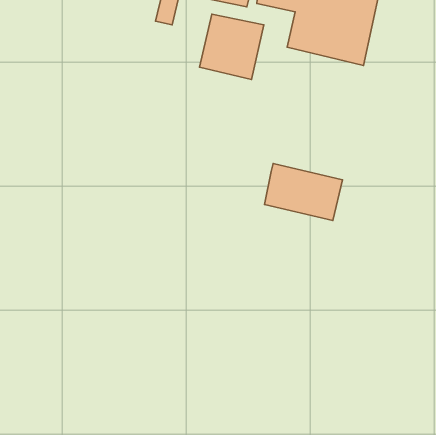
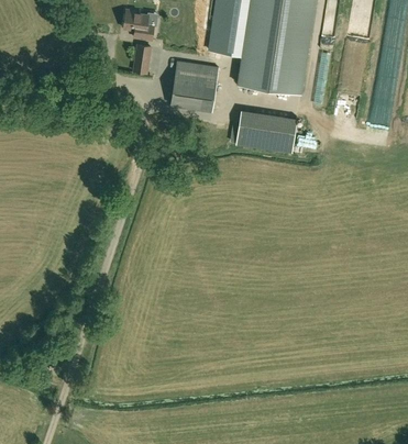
building: [264,163,343,221] -> [236,111,297,153]

